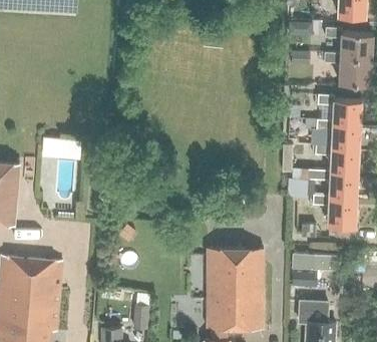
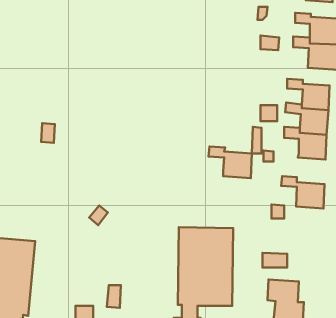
building: [313,170,357,203] -> [208,147,252,178]
building: [293,254,324,271] -> none

